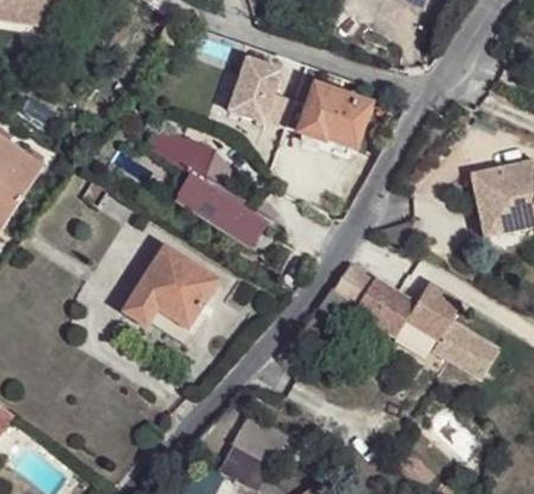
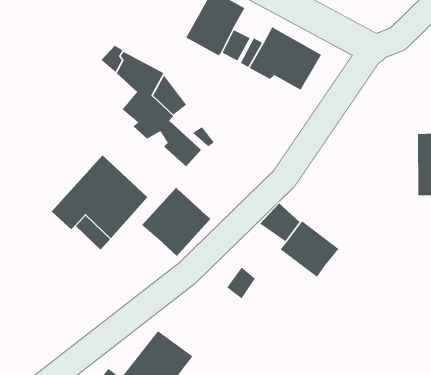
building: none -> [141,187,211,257]
building: [407,278,503,374] -> none

